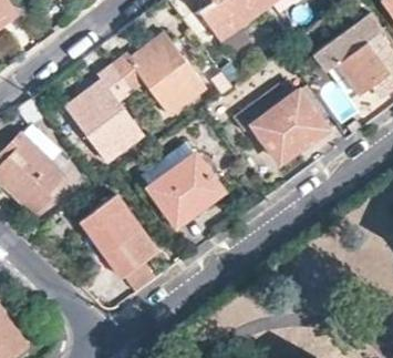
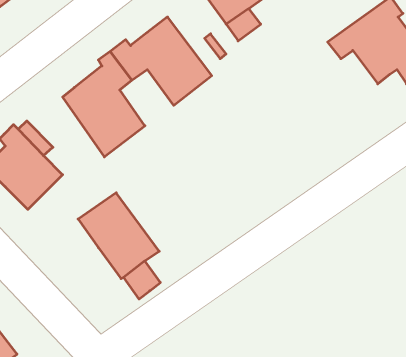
building: [234,80,324,161] -> none
building: [143,144,221,223] -> none

